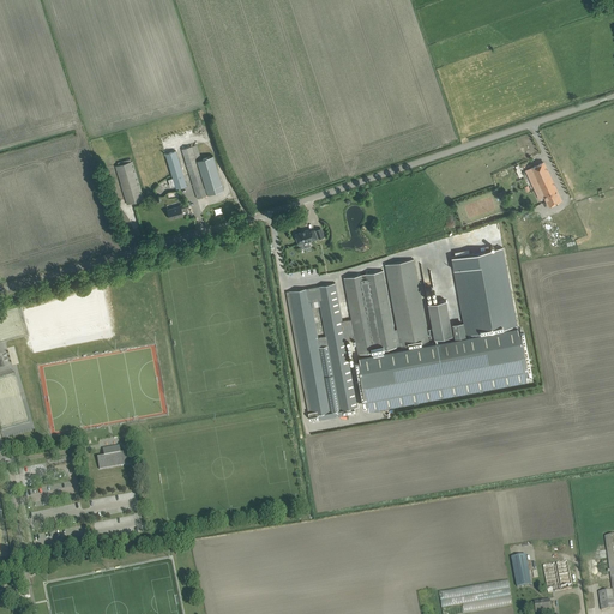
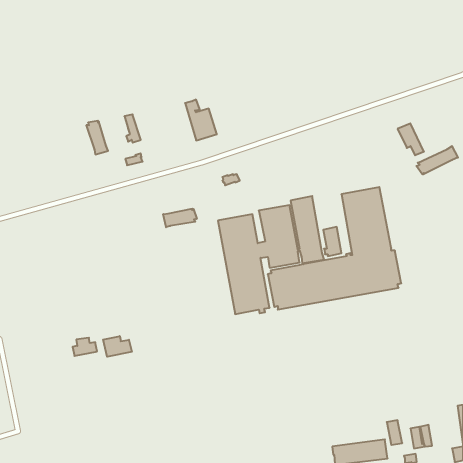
building: [181,145,223,199] -> [185,100,217,140]
building: none -> [416,146,458,174]
building: none -> [163,209,197,227]
building: none -> [103,336,132,357]

